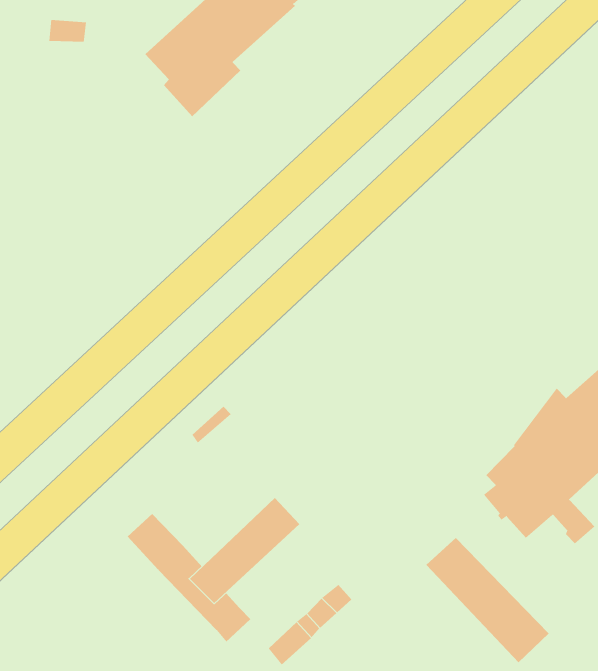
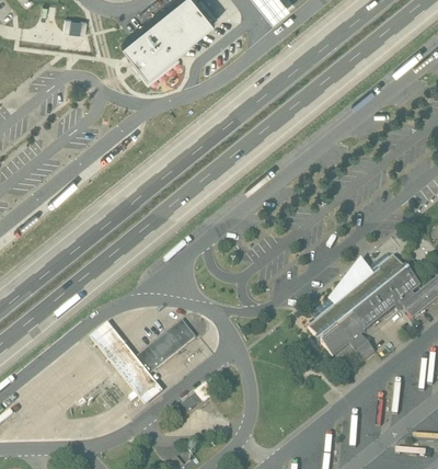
building: [425,537,549,663] -> none

